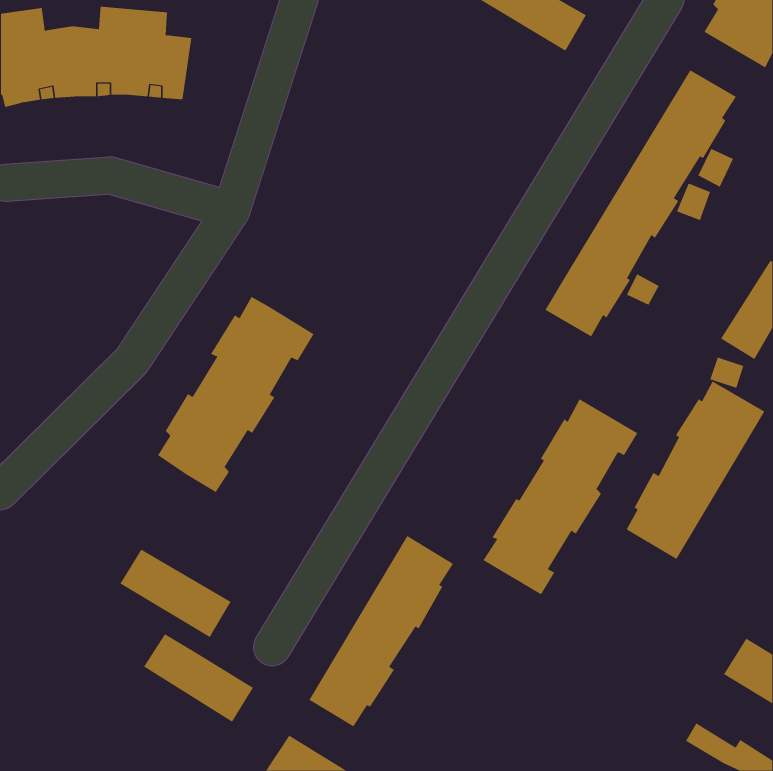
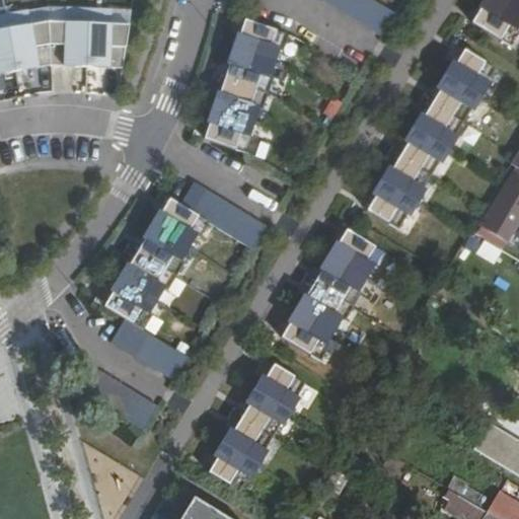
building: none -> [204,20,288,153]
building: none -> [179,181,264,247]
building: [626,380,765,560] -> none
building: [482,398,638,595] -> [284,226,388,358]
building: [143,633,254,723] -> [110,318,184,378]

